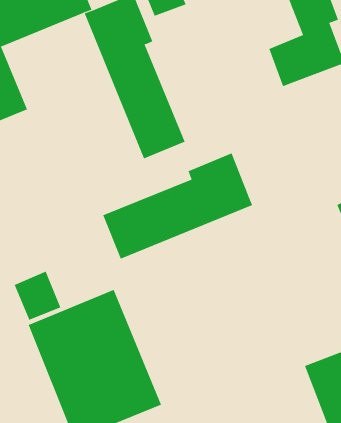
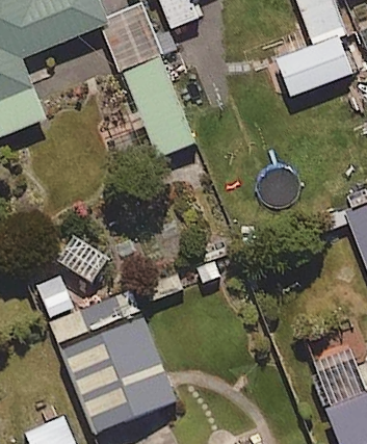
building: [102,153,253,259] -> none

